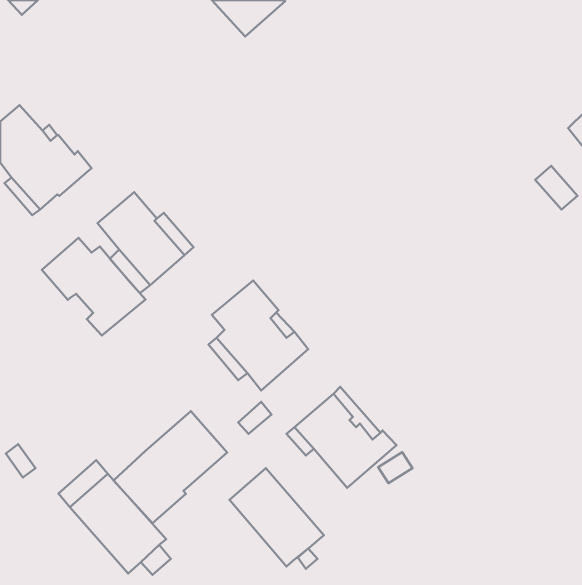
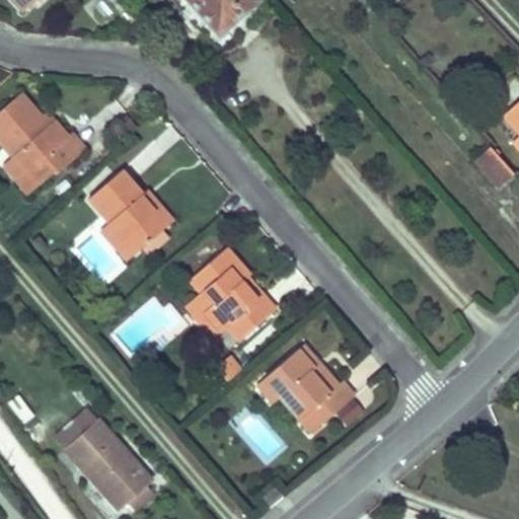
building: [42,238,145,336] -> none
building: [113,411,227,523] -> none
building: [229,468,324,567] -> none

